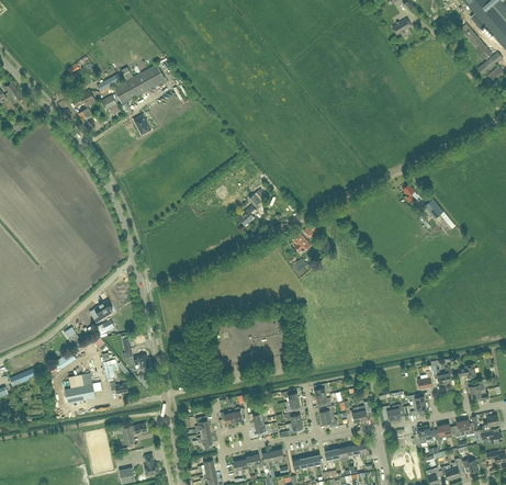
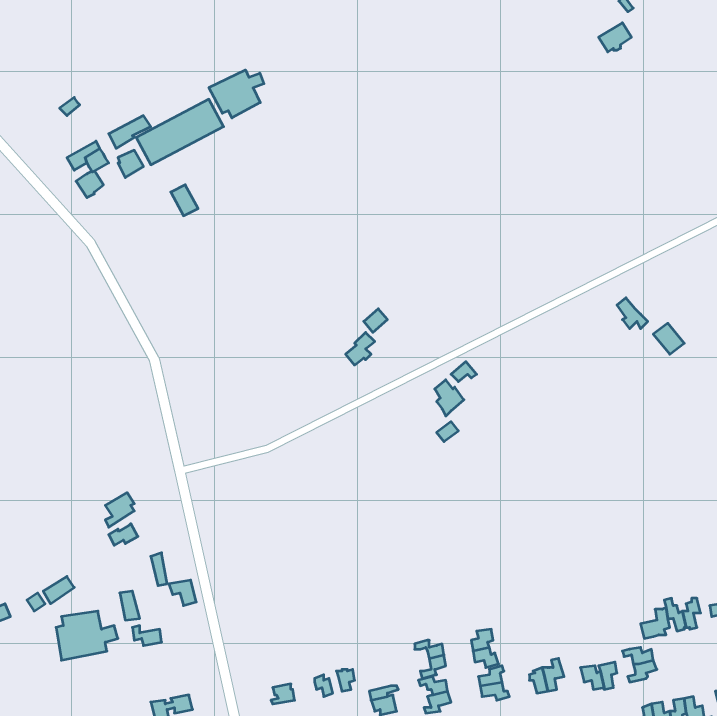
building: none -> [209,70,264,118]

